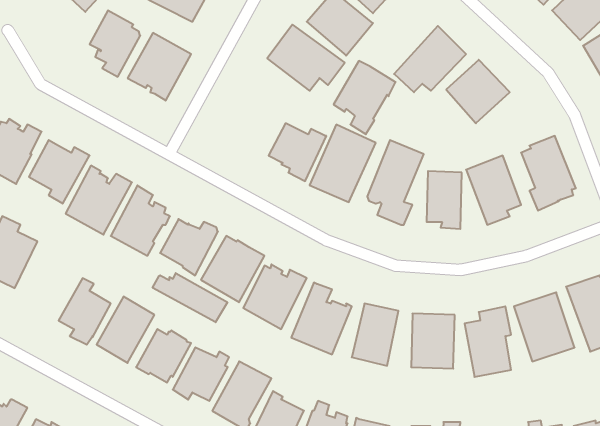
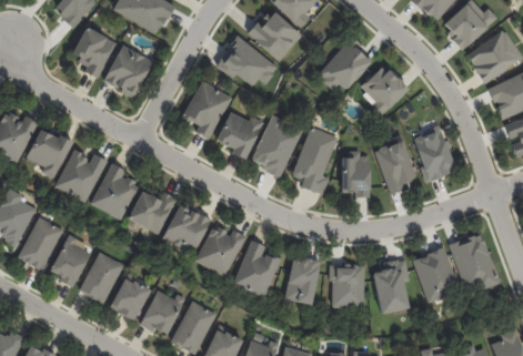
building: [334,61,396,134] -> [182,82,231,140]
building: none -> [18,216,63,271]
building: [153,273,227,322] -> none

